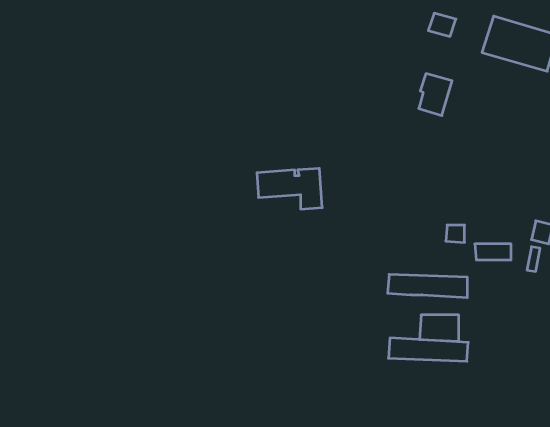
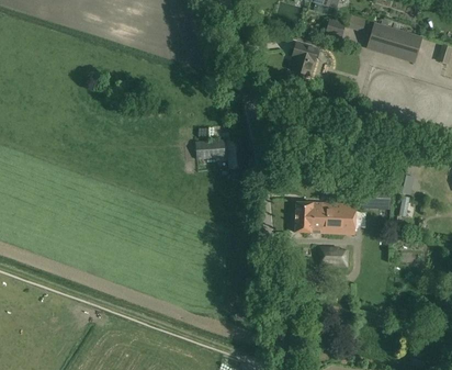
building: [419,74,452,116] -> [292,44,317,76]
building: [388,338,468,361] -> [295,202,355,220]

